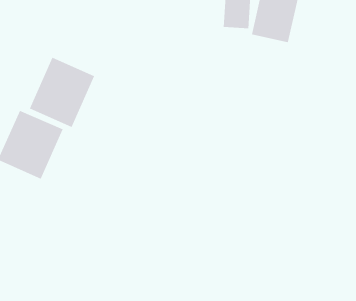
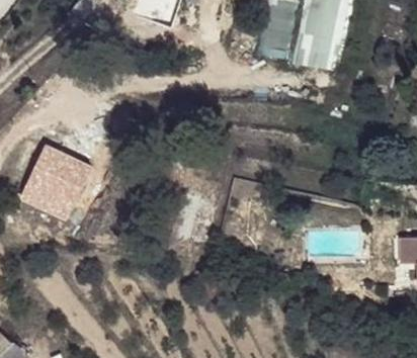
building: [29,57,95,128] -> none

